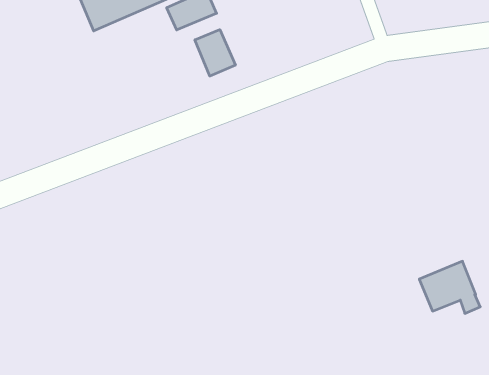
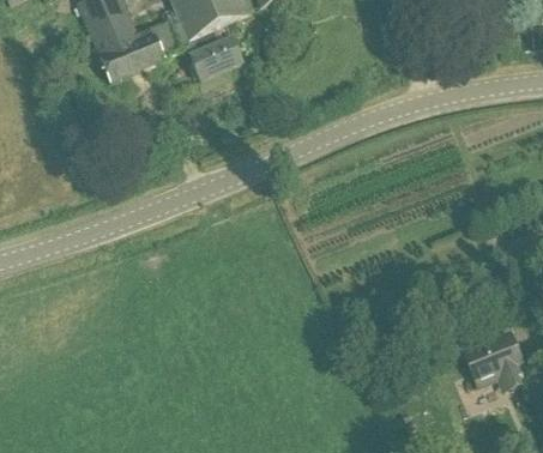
building: [195,30,235,76] -> none

